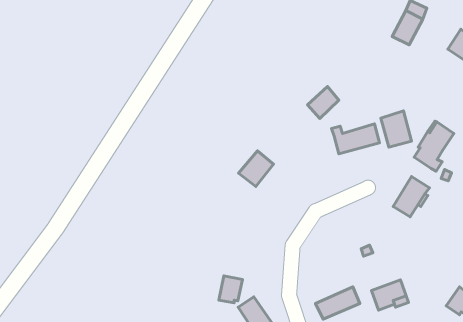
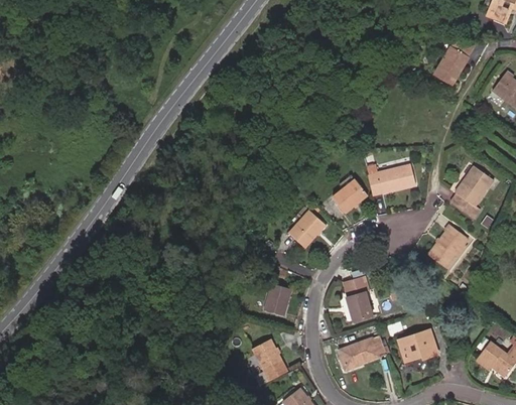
building: [308,86,339,119] -> [334,180,367,214]
building: [381,111,412,147] -> none
building: [239,151,274,187] -> [289,210,327,247]
building: none -> [343,277,371,320]
building: [219,276,242,303] -> [267,284,293,313]

